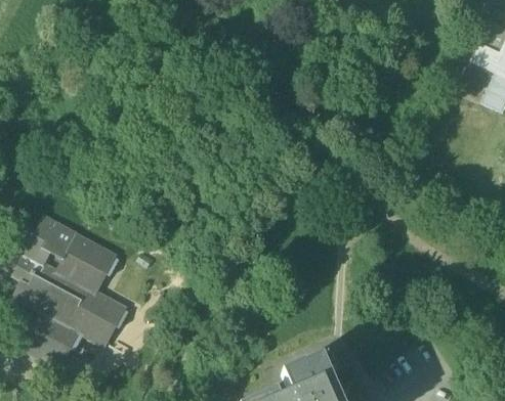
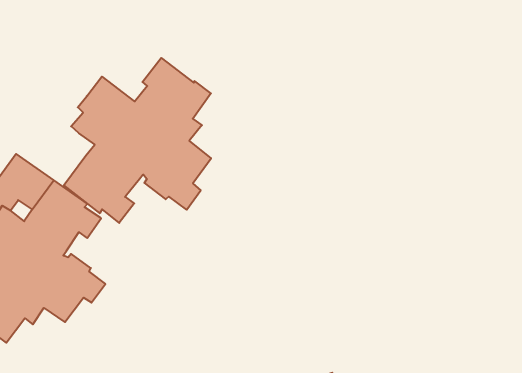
building: none -> [64,58,211,223]

